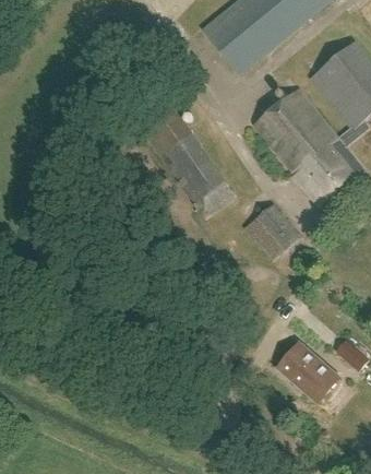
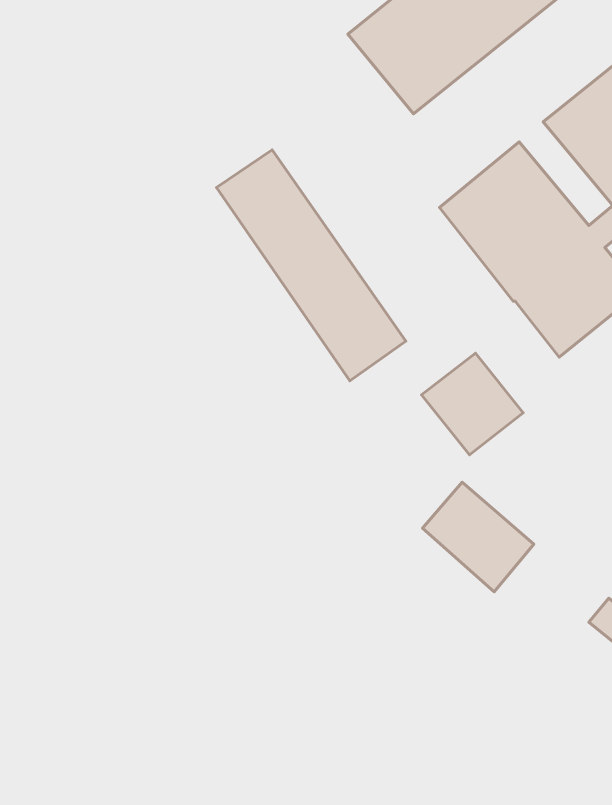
building: [277,342,338,402] -> [422,482,534,592]

